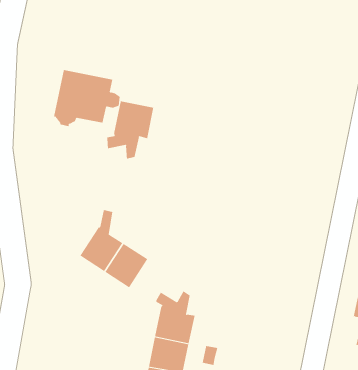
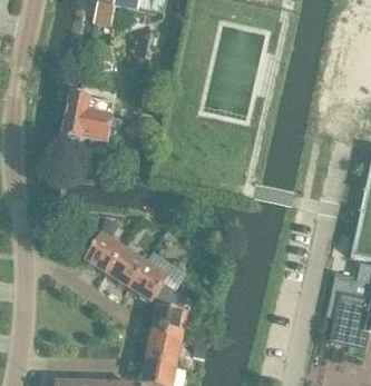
building: [107,101,154,159] -> none
building: none -> [128,261,176,300]

